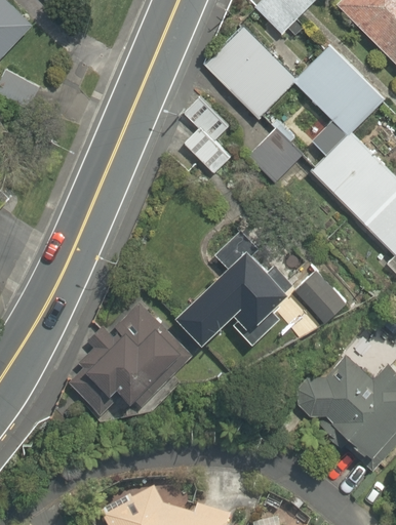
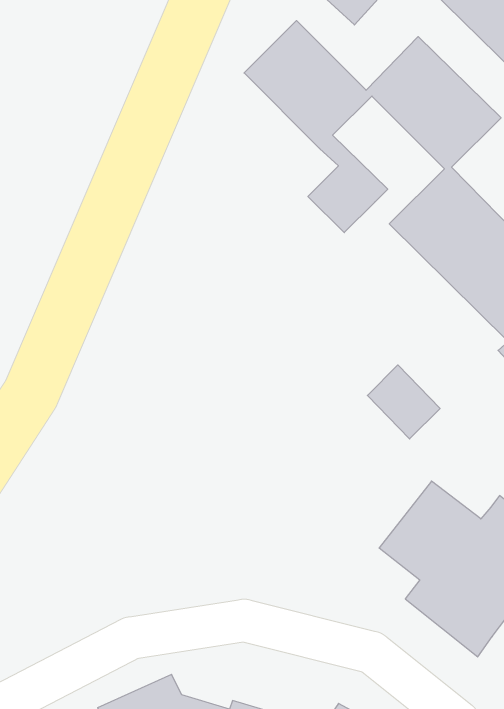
building: [183,96,231,172] -> none
building: [170,231,293,349] -> none
building: [63,309,191,421] -> none

